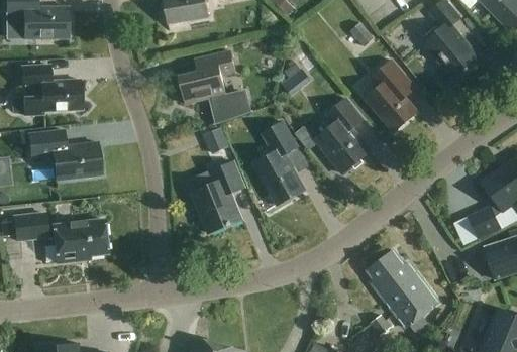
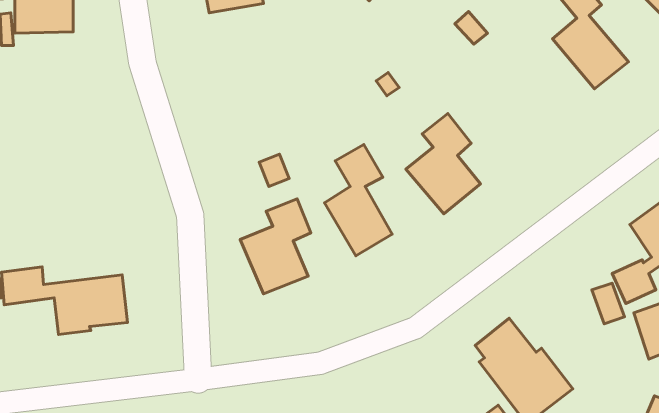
building: [179,50,250,123] -> none
building: [365,60,417,131] -> none
building: [20,65,81,115] -> none
building: [27,129,101,180] -> none

